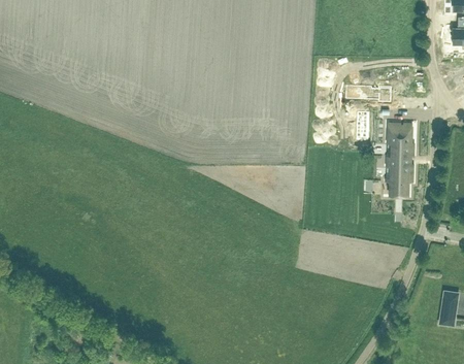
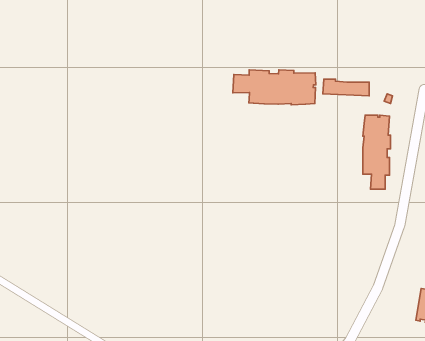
building: none -> [233,70,316,105]

